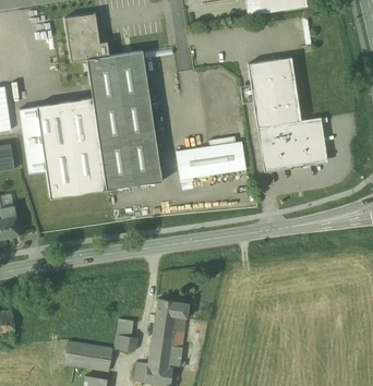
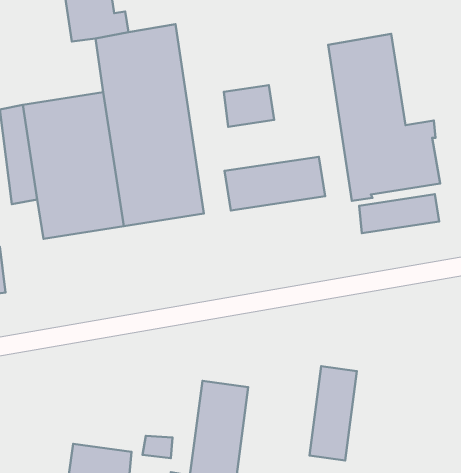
building: none -> [224,85,274,127]
building: none -> [359,194,439,233]
building: none -> [310,366,357,460]

